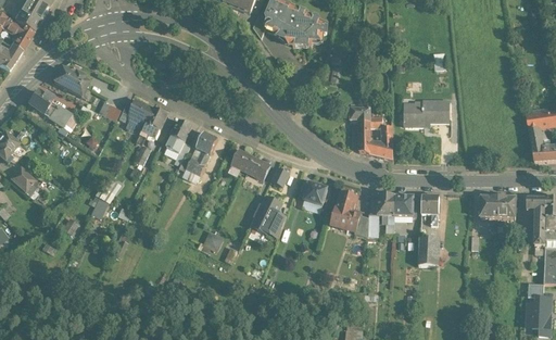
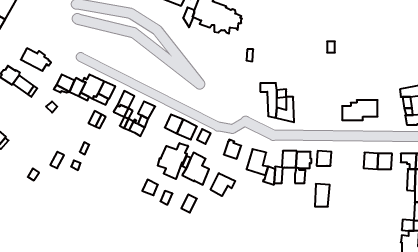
building: [404,101,448,126] -> [342,100,378,120]
building: none -> [158,143,188,179]
building: none -> [211,173,235,196]

